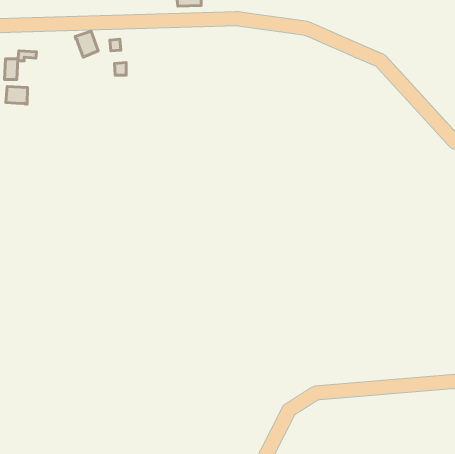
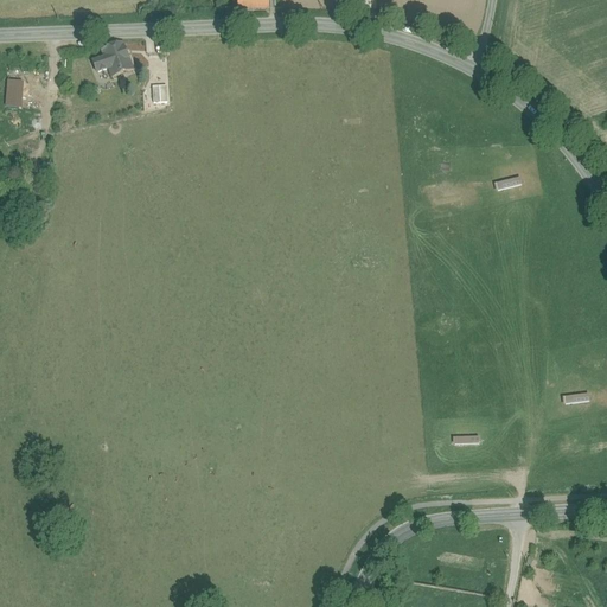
building: [6,86,28,104] -> none

